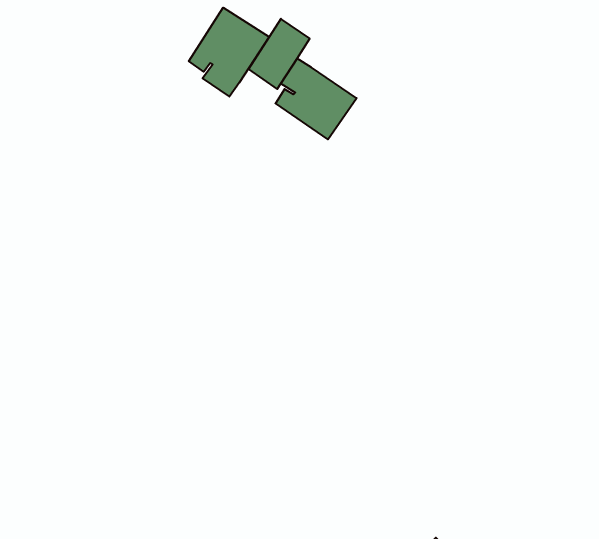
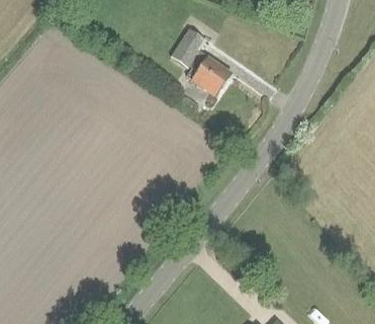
building: [189,8,269,97] -> none

